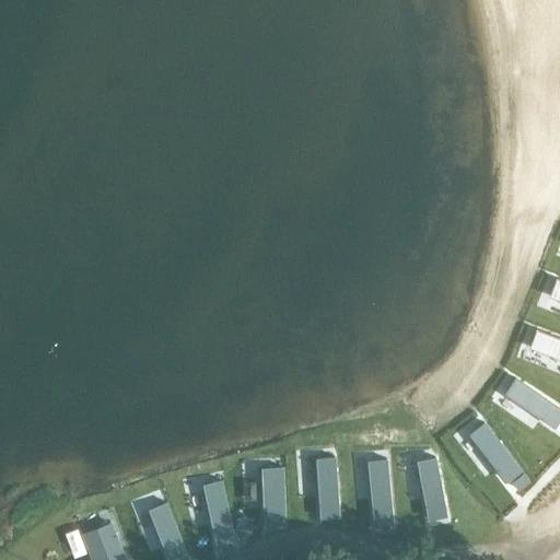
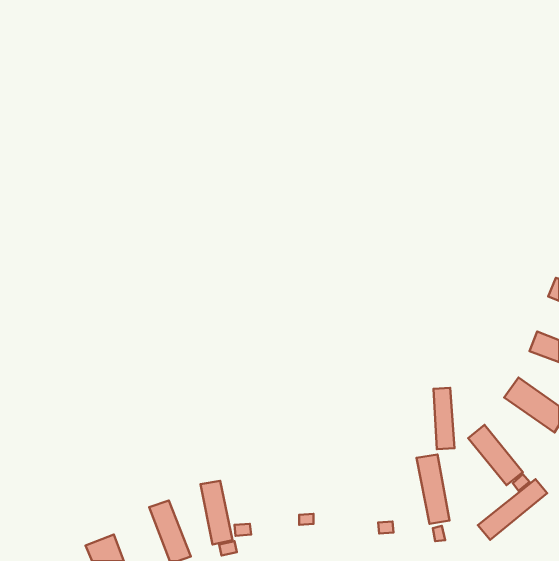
building: [315,454,342,516] -> none
building: [370,456,390,517] -> [434,388,454,449]
building: [259,467,282,528] -> none
building: none -> [478,479,547,540]

